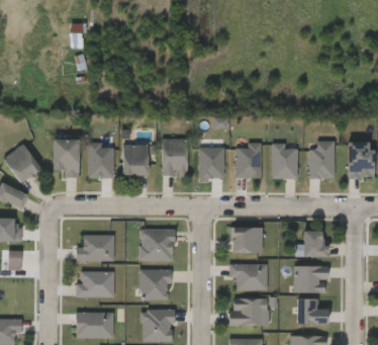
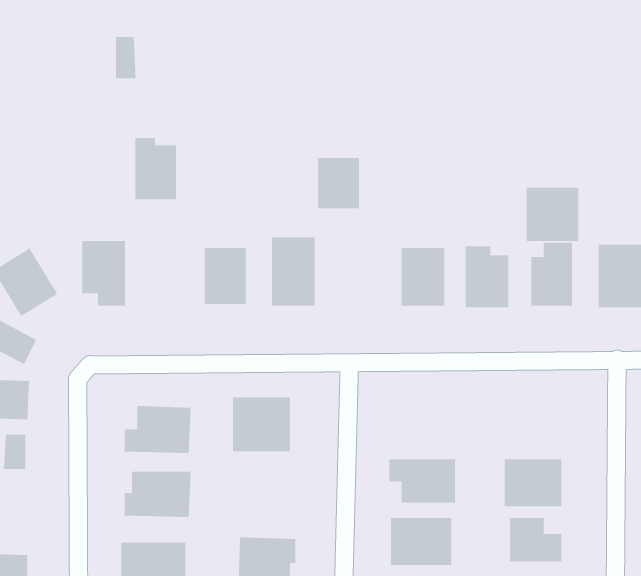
building: none -> [526,187,579,242]
building: [89,142,113,177] -> [134,138,177,200]
building: [199,148,223,177] -> [317,157,360,209]
building: [231,228,262,252] -> none
building: [303,231,327,256] -> none
building: [141,269,174,299] -> none

